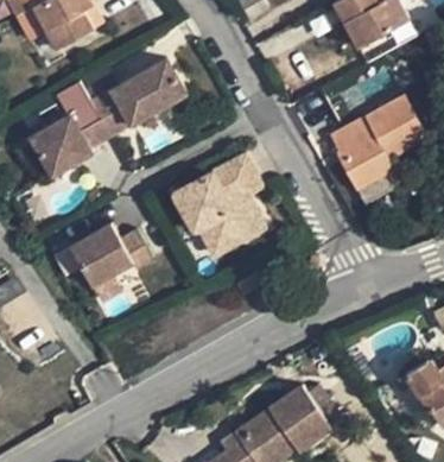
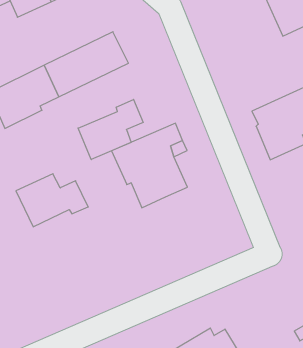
building: none -> [78,99,143,160]

